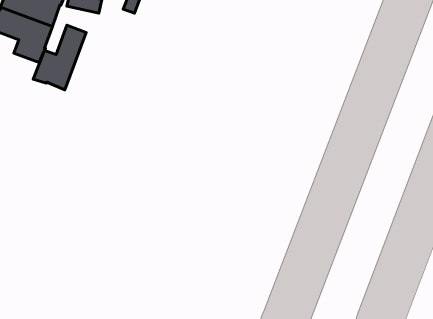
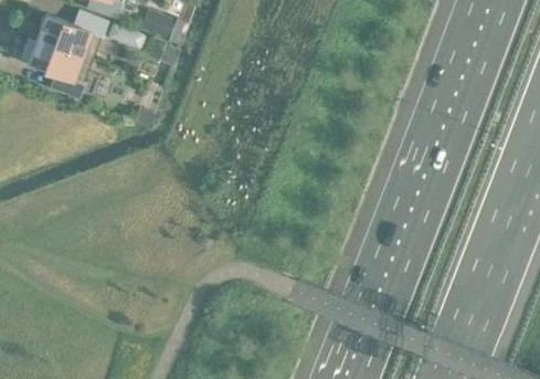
building: [33,25,86,90] -> none

